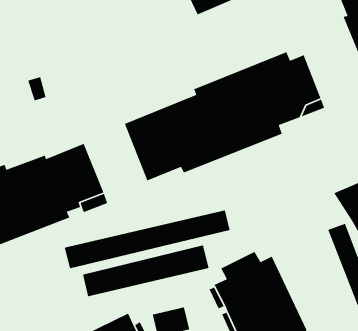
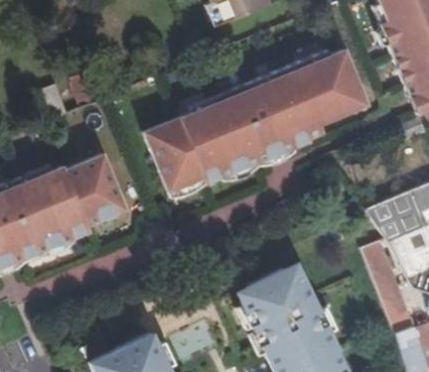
building: [64,209,230,269] -> none
building: [82,245,210,297] -> none

